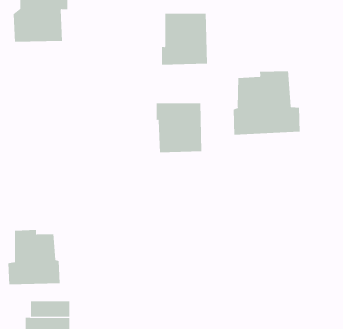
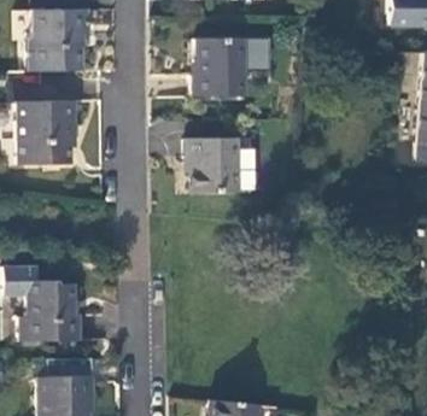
building: none -> [18,100,75,163]
building: [233,70,300,135] -> none

